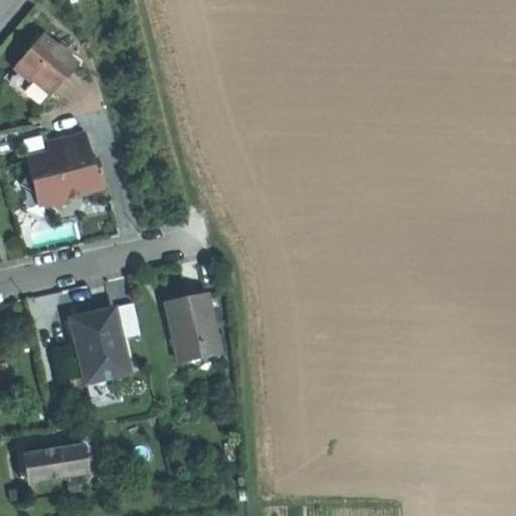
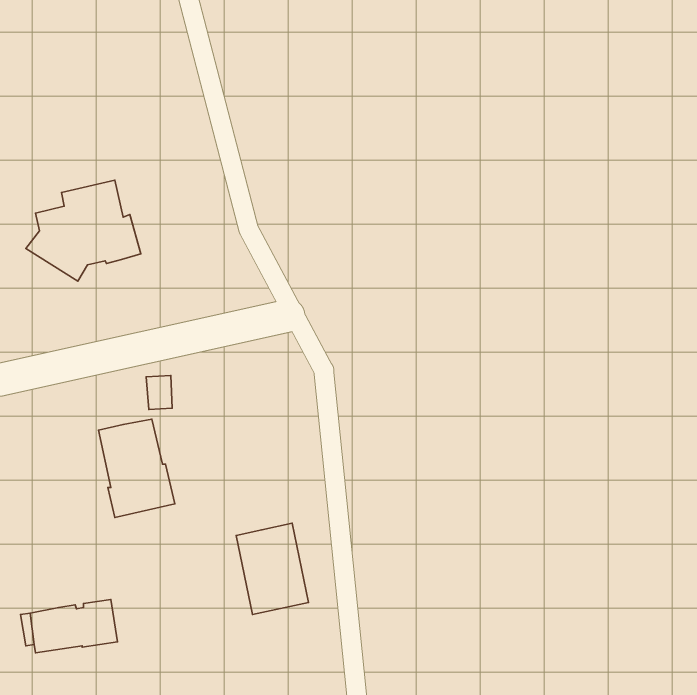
building: [15,33,78,95] -> none
building: [167,293,221,361] -> [236,523,308,615]

